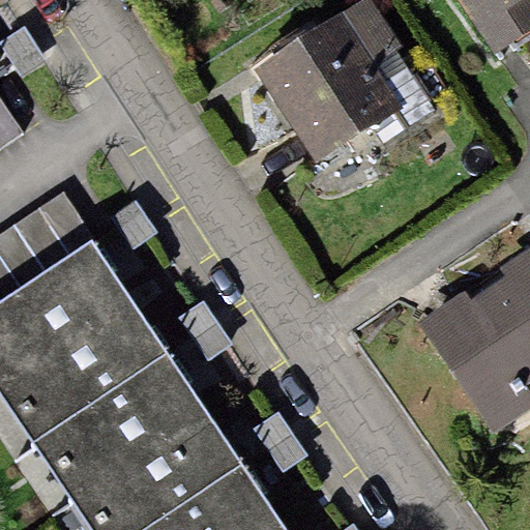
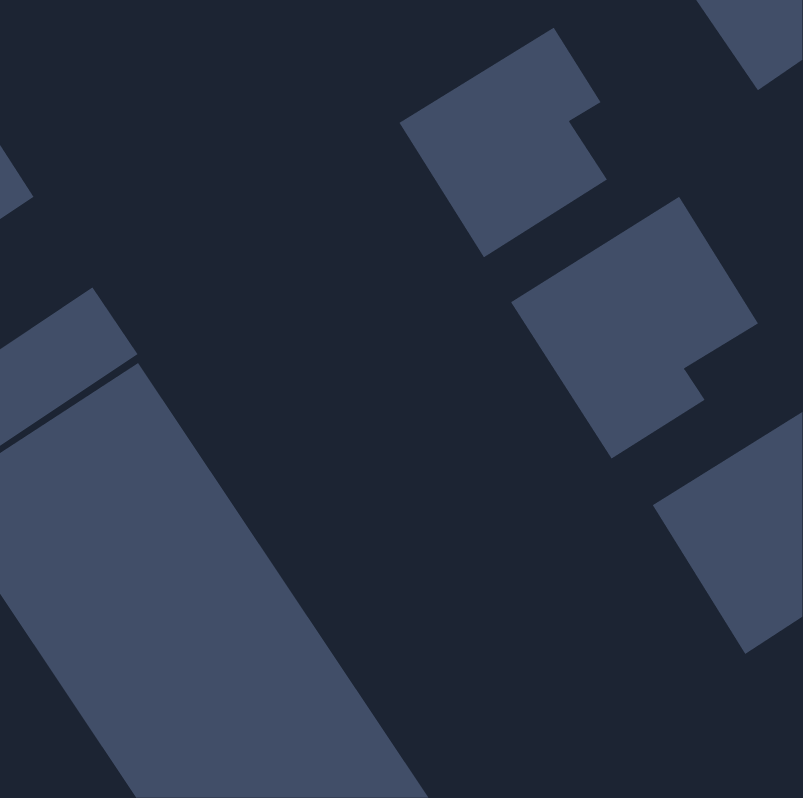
building: none -> [510,196,759,459]

